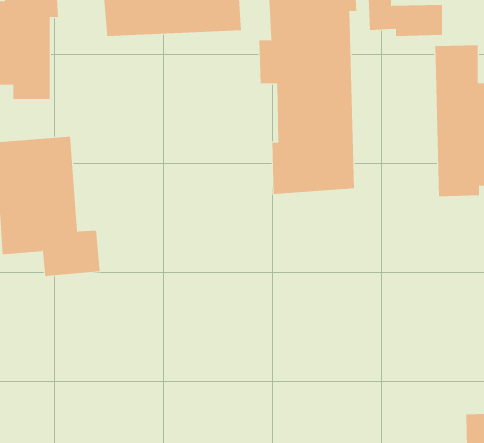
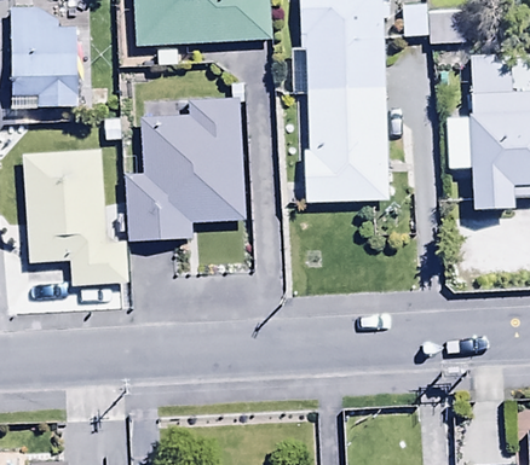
building: none -> [126,97,246,242]

